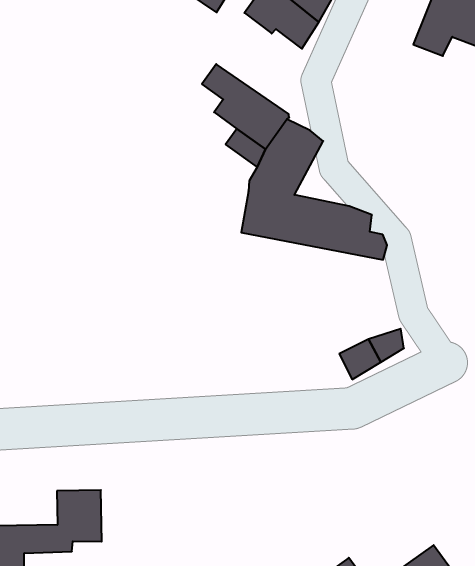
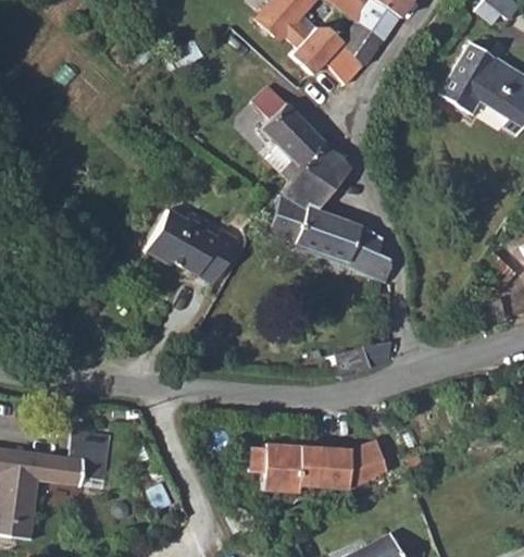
building: none -> [144,212,237,285]
building: none -> [247,438,386,492]

